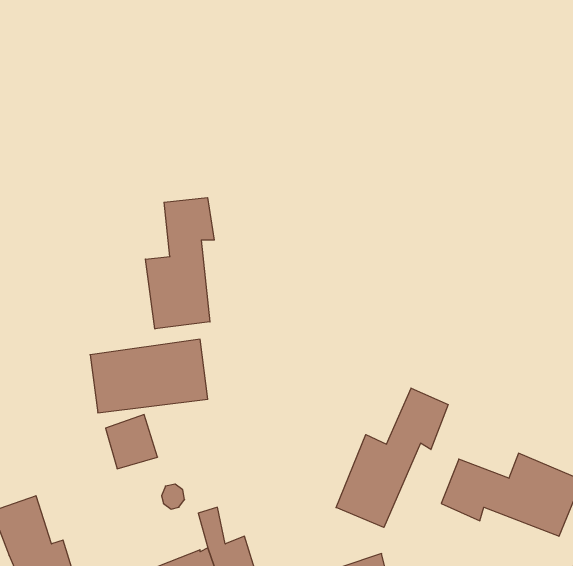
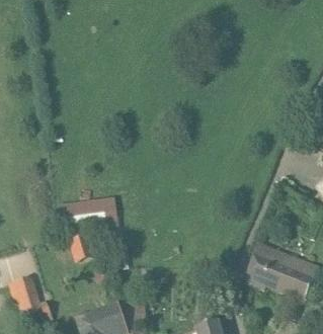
building: [145,198,214,329] -> none
building: [336,388,448,527] -> none

